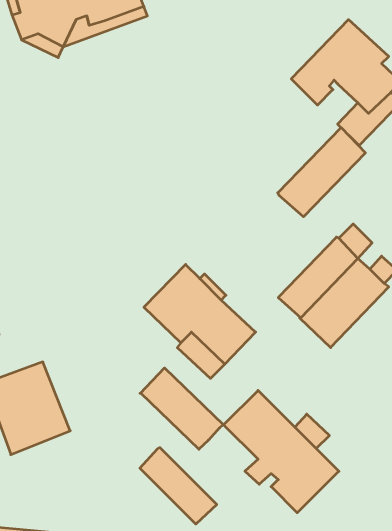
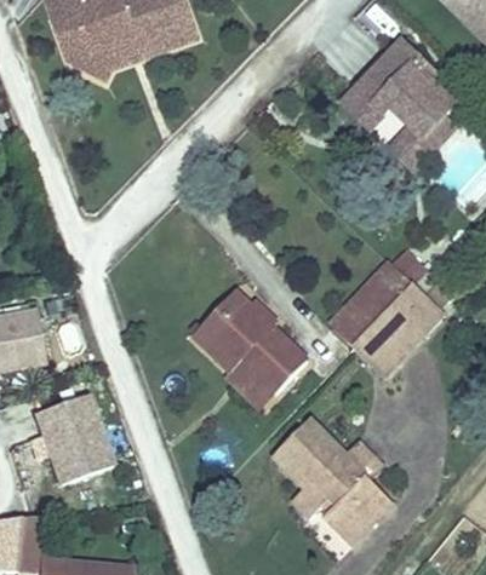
building: [278,128,365,217] -> none
building: [140,368,224,449] -> none
building: [140,448,217,524] -> none

